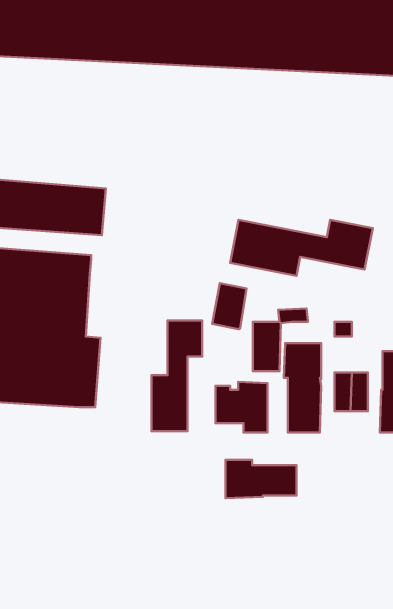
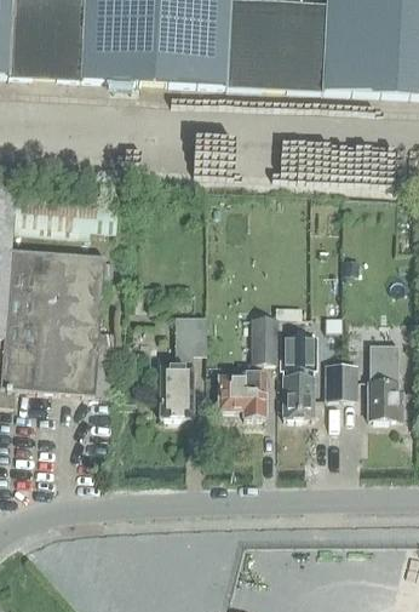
building: [230,220,373,276] -> none
building: [212,283,247,329] -> none
building: [225,460,296,498] -> none

